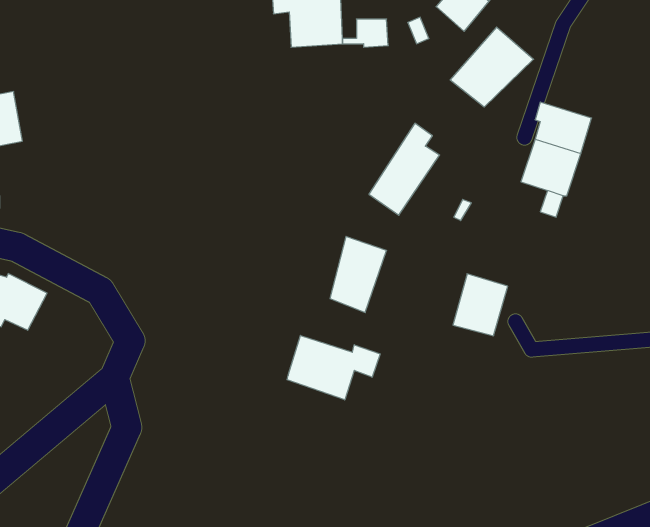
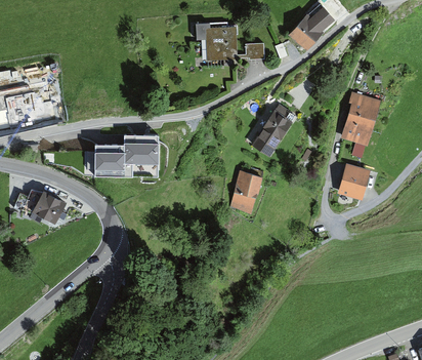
building: [450,27,534,107] -> none
building: none -> [94,135,157,175]
building: [453,274,508,336] -> [338,162,370,198]
building: [287,335,380,400] -> none

